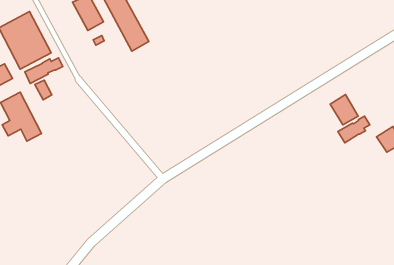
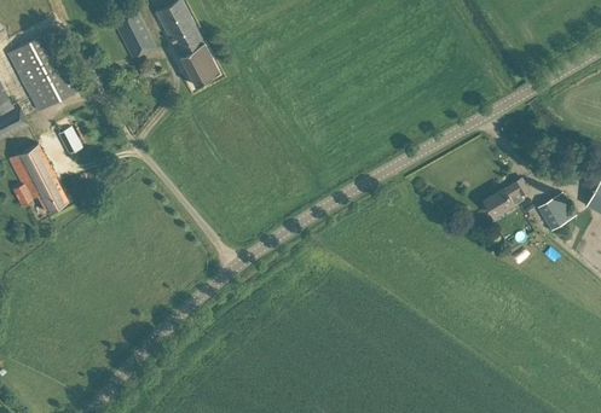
building: [25,58,63,83] -> none
building: [330,94,358,125] -> none

